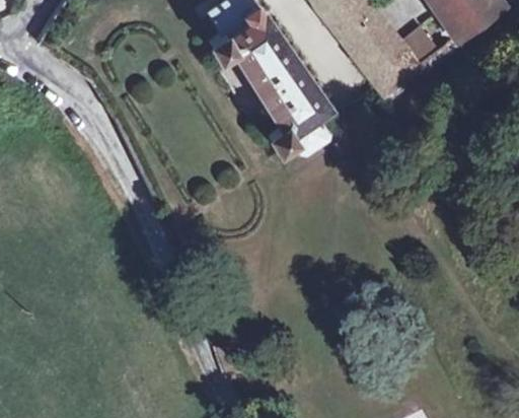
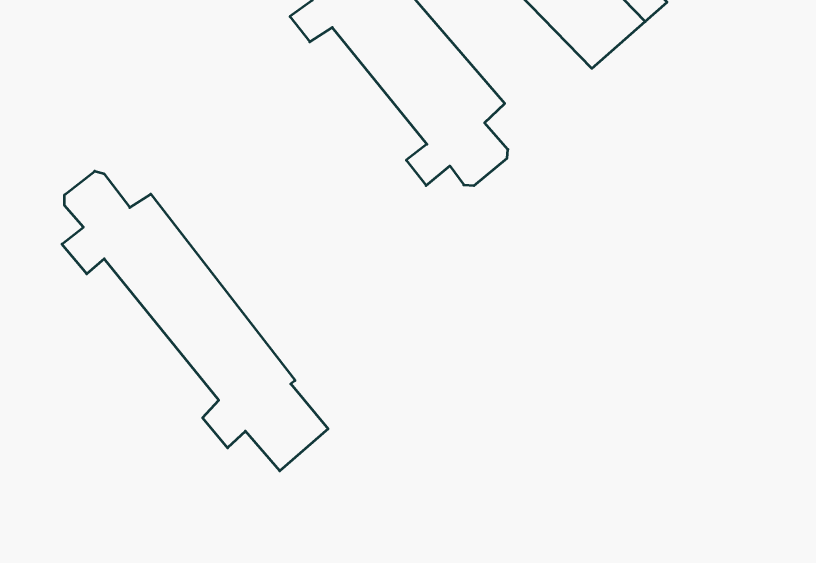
building: none -> [62,171,328,471]

